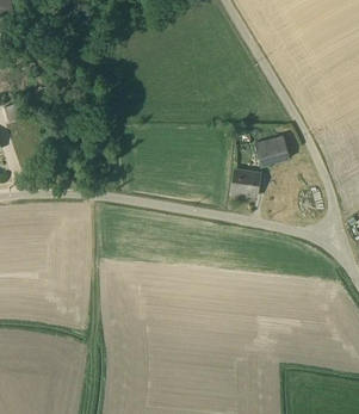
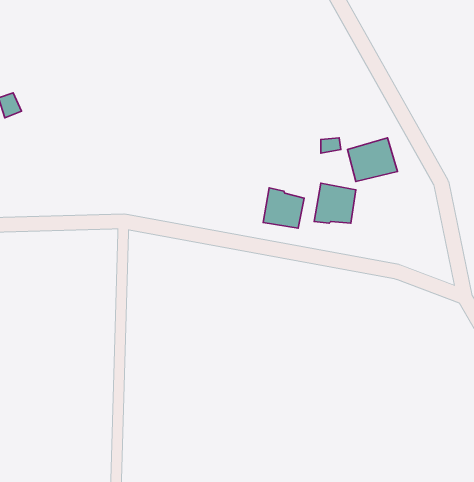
building: none -> [263,188,304,228]

